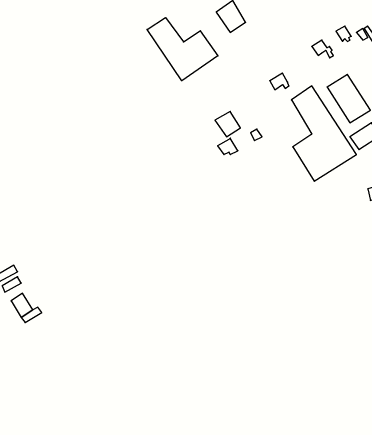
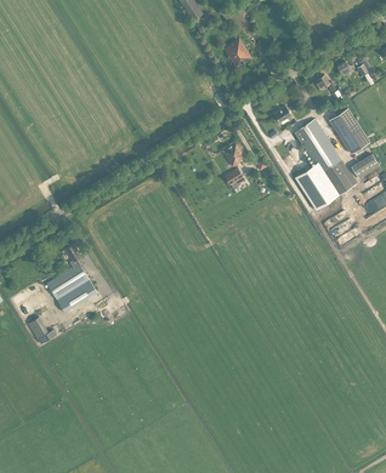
building: [147,18,218,81] -> none
building: none -> [45,245,96,313]

